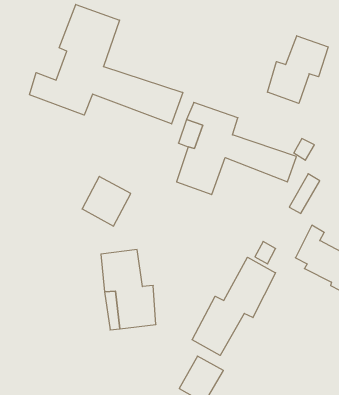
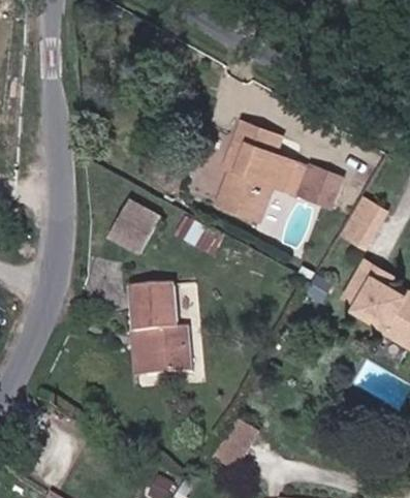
building: [29,4,183,124] -> none
building: [267,36,328,103] -> none
building: [192,257,276,355] -> none

